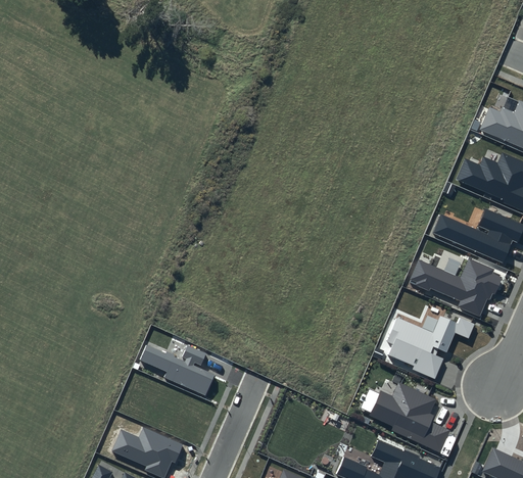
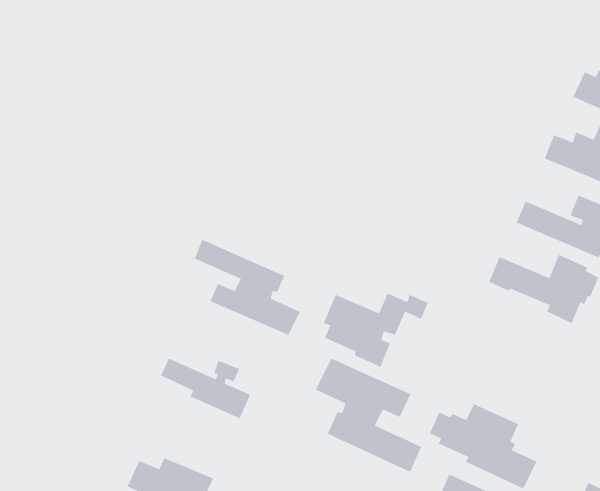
building: none -> [194,239,301,336]
building: [387,317,475,379] -> [323,293,429,368]
building: none -> [315,357,422,473]

